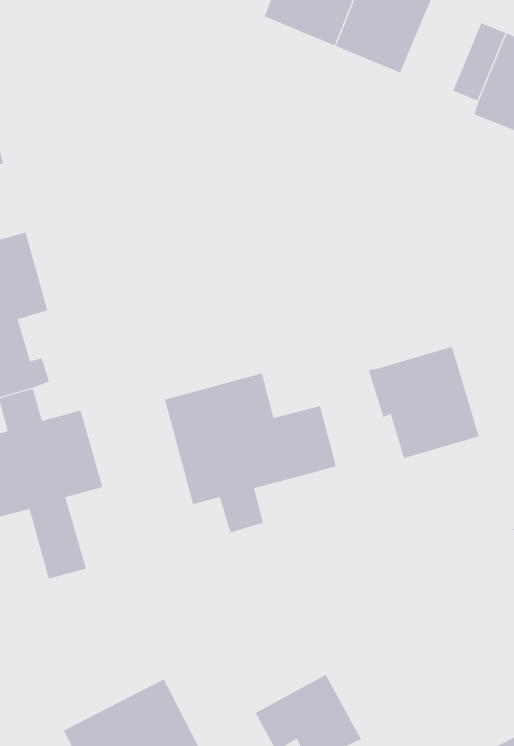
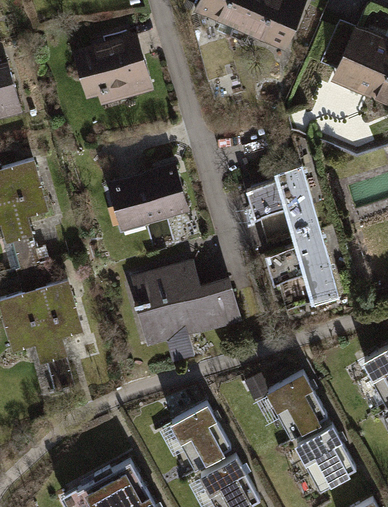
building: none -> [72,35,153,108]
building: none -> [106,165,190,233]
building: none -> [246,165,321,252]
building: none -> [262,371,325,434]
building: none -> [156,403,229,466]
building: none -> [299,427,357,489]

